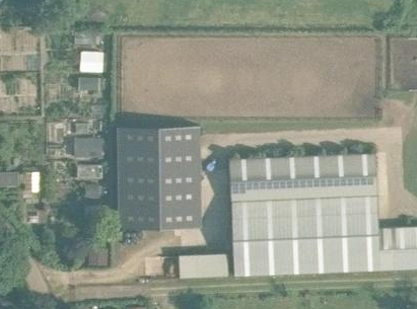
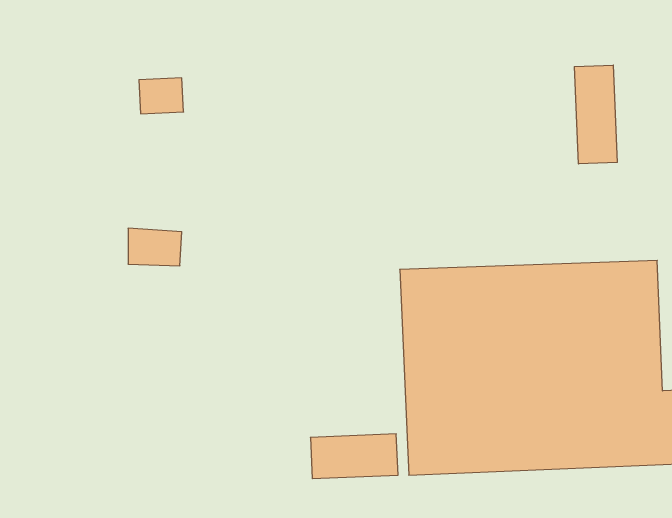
building: none -> [574,65,617,164]
building: [117,127,199,229] -> none

